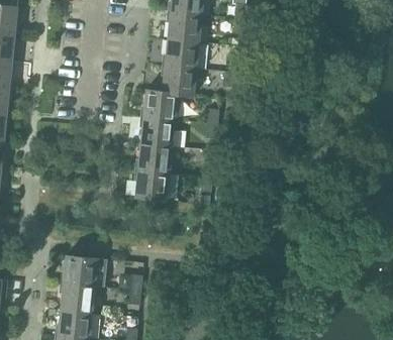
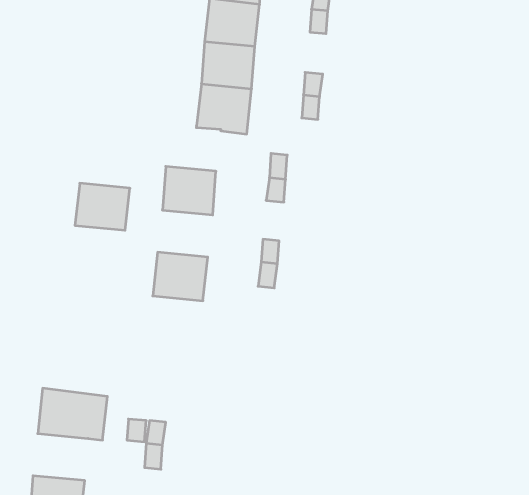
building: [142,89,177,119] -> none
building: [137,143,172,173] -> [75,183,130,230]
building: [60,282,94,312] -> none

